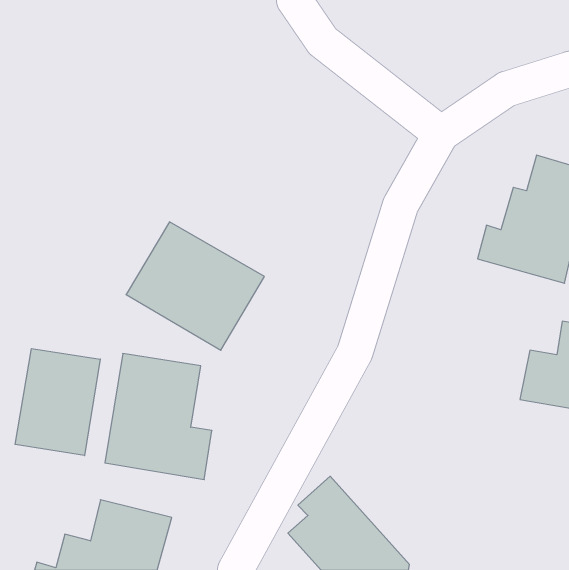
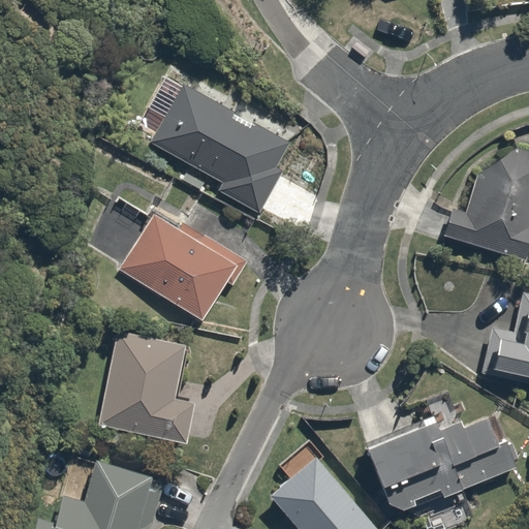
building: none -> [147,71,295,214]
building: [15,349,100,456] -> none
building: none -> [367,414,517,516]

